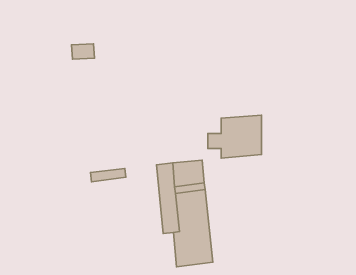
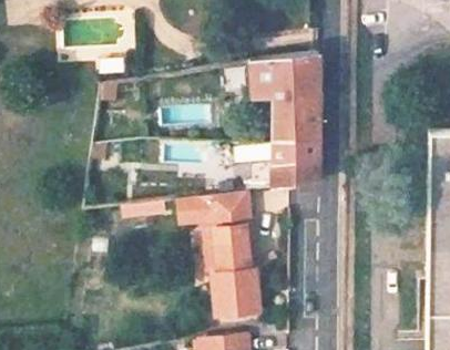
building: none -> [249,58,318,146]

